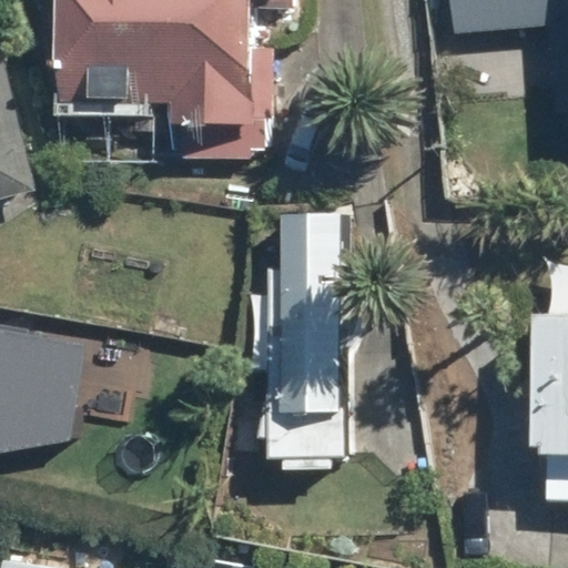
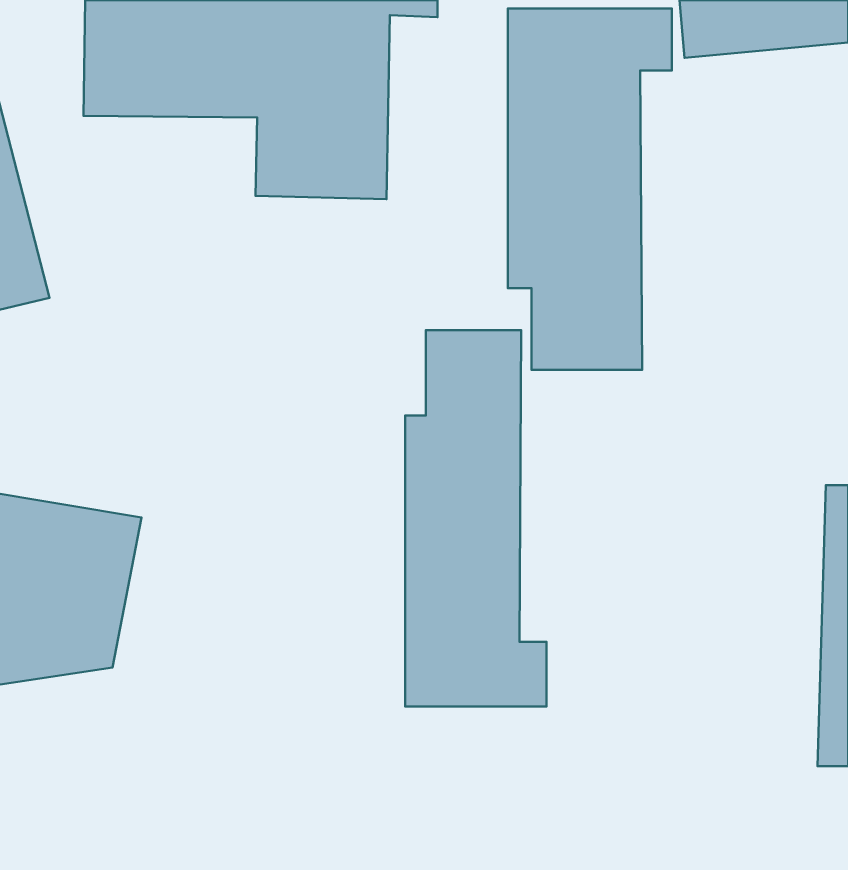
building: none -> [508,8,672,370]

